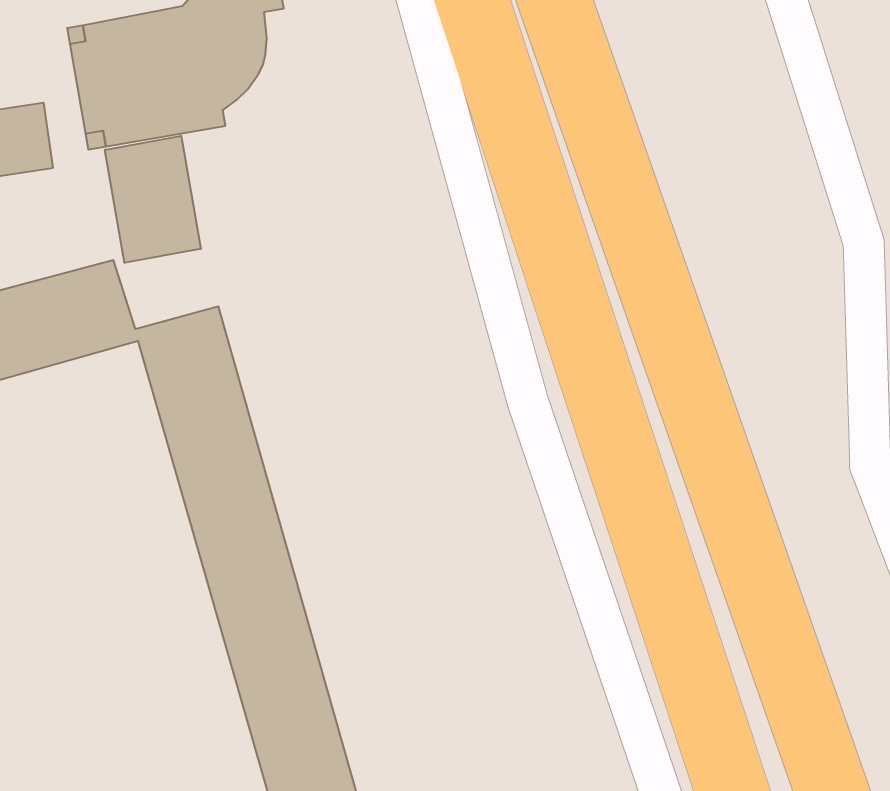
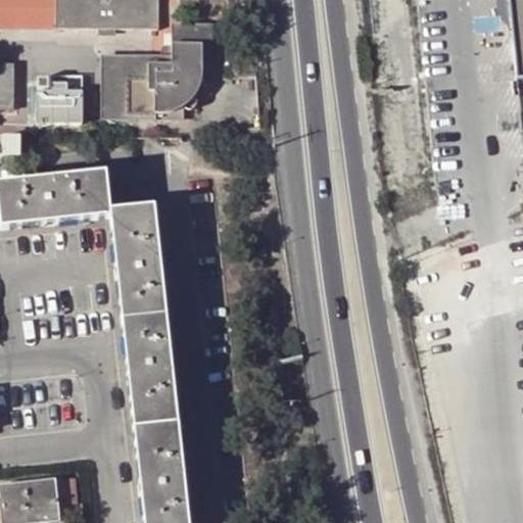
building: [105,136,201,263] -> none

